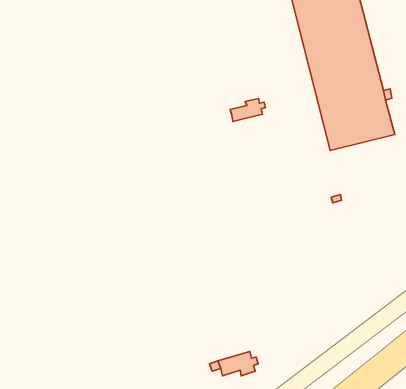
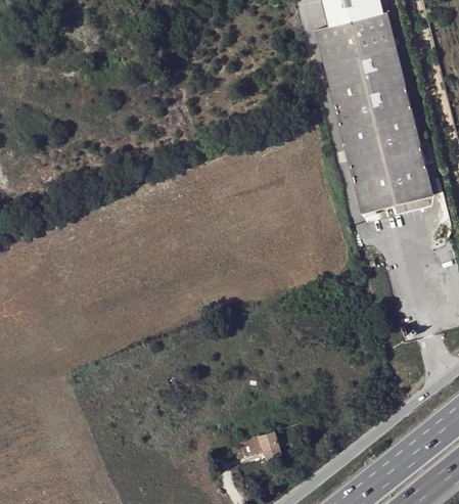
building: [230,98,265,122] -> none

